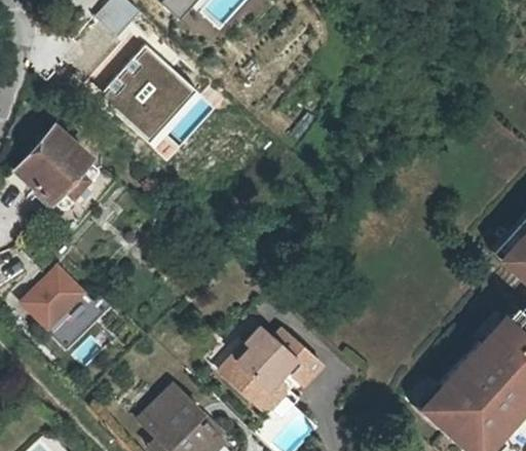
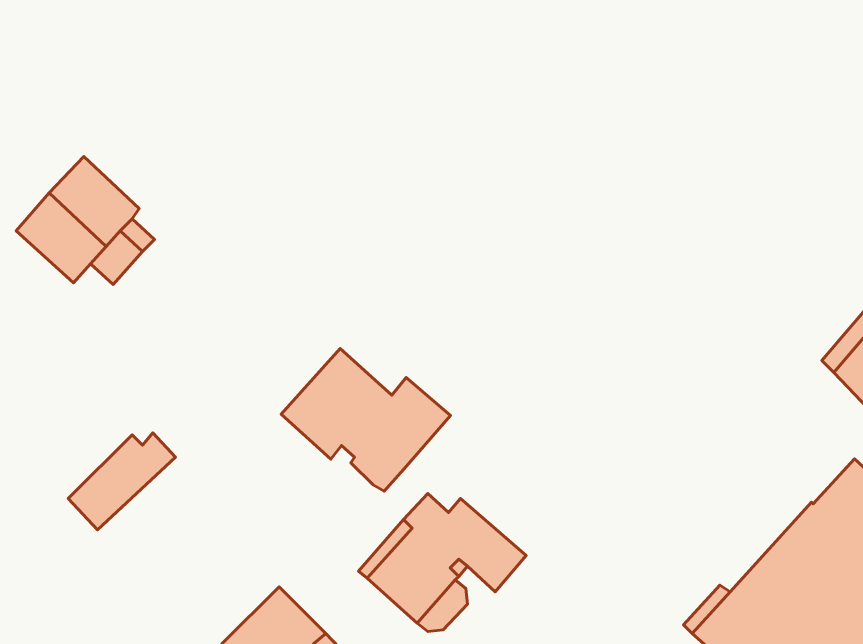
building: [103,47,195,140] -> none
building: none -> [281,348,450,491]
building: [23,263,85,330] -> none

